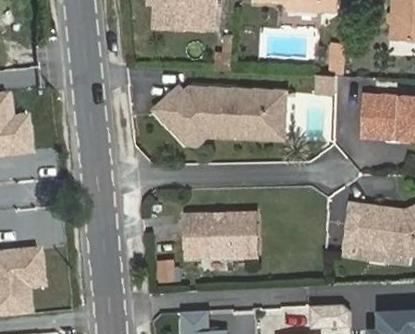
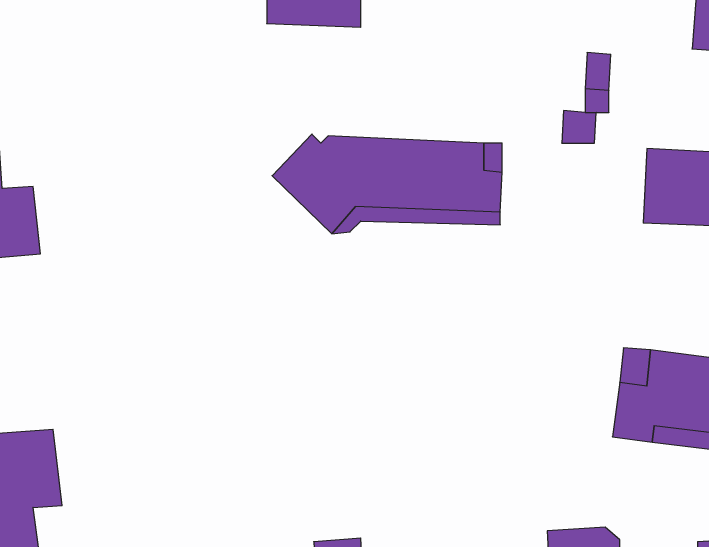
building: [185,212,257,258] -> none

